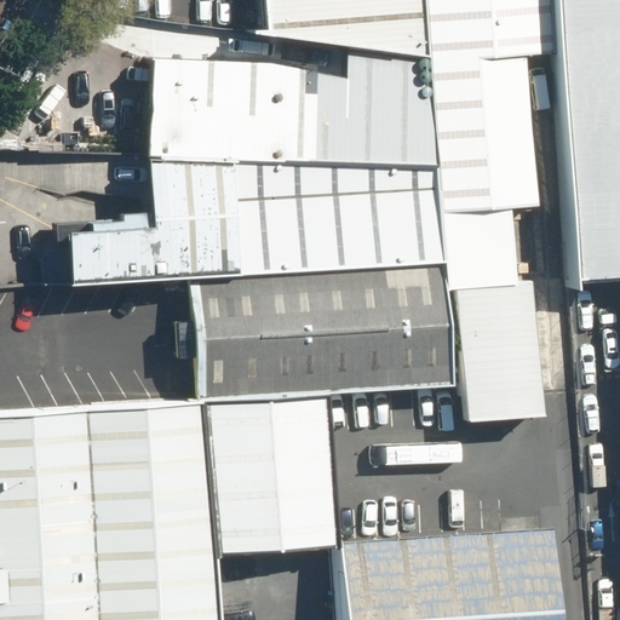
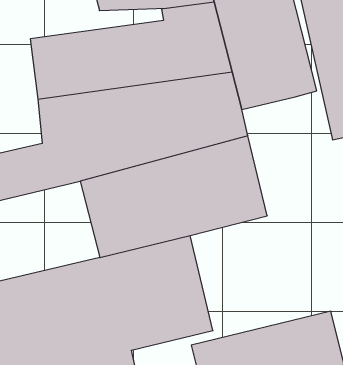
building: [438,214,545,429] -> none

